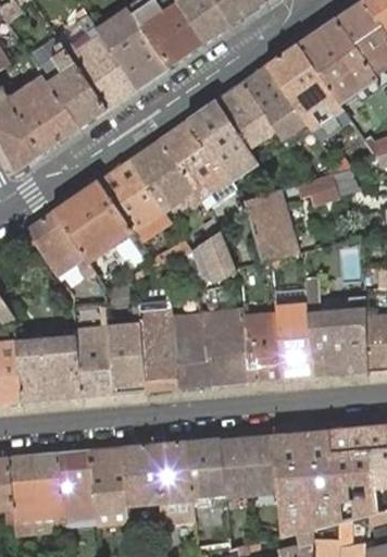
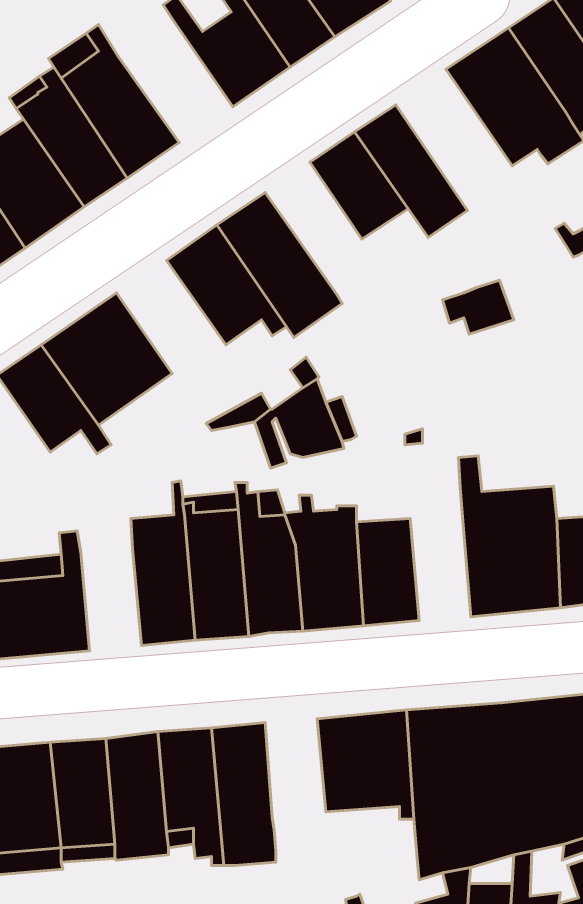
building: [99,13,168,88] -> none
building: [267,44,348,138] -> none
building: [188,100,258,181] -> none
building: [98,160,171,242] -> none
building: [244,189,296,262] -> none
building: [275,298,313,379] -> none
building: [76,335,113,397] -> none
building: [188,438,225,506] -> none

